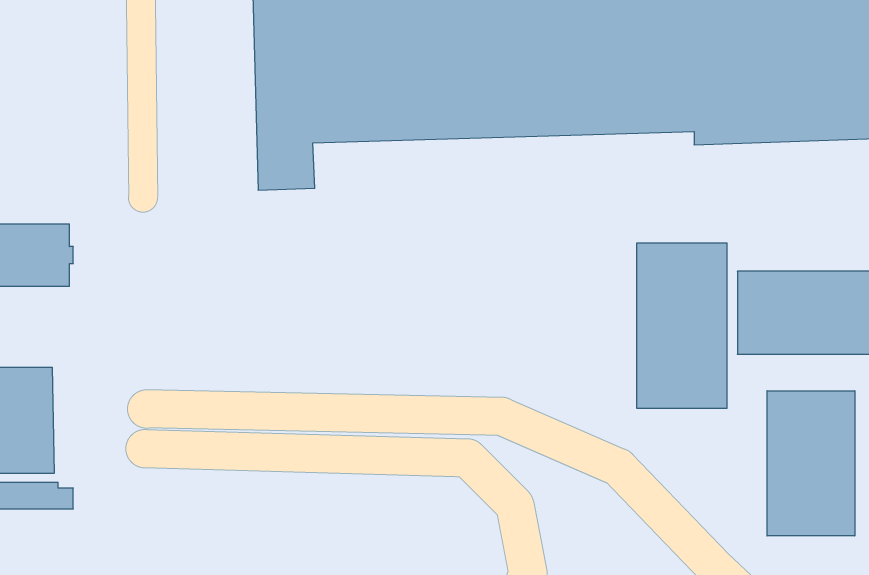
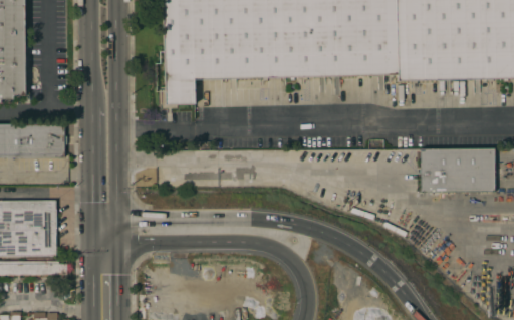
building: [637,243,727,408] -> none
building: [767,391,855,536] -> none

